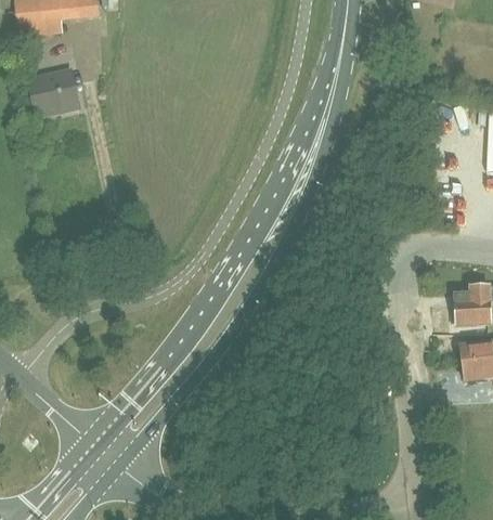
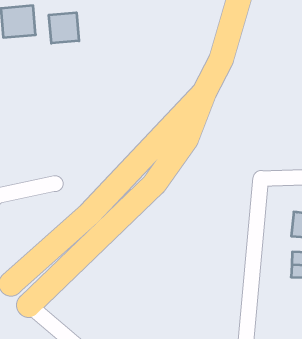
building: none -> [49,13,79,43]

